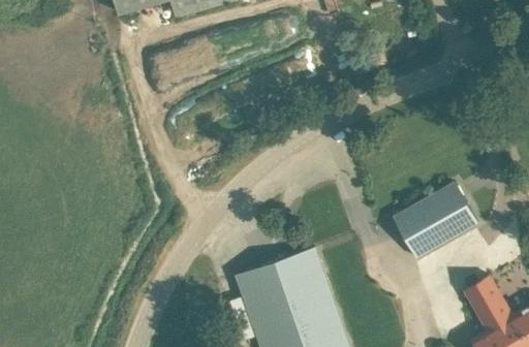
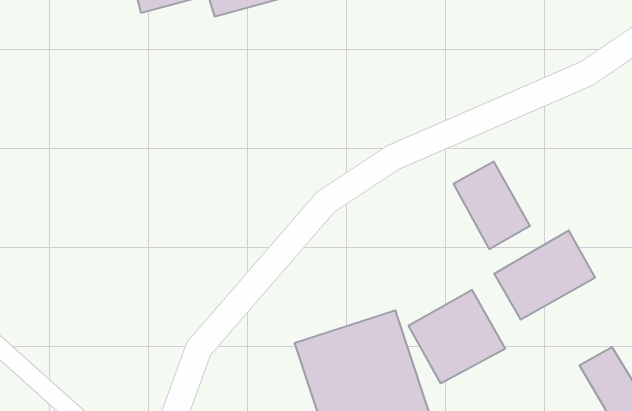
building: none -> [454,161,530,249]
building: none -> [409,290,505,383]

